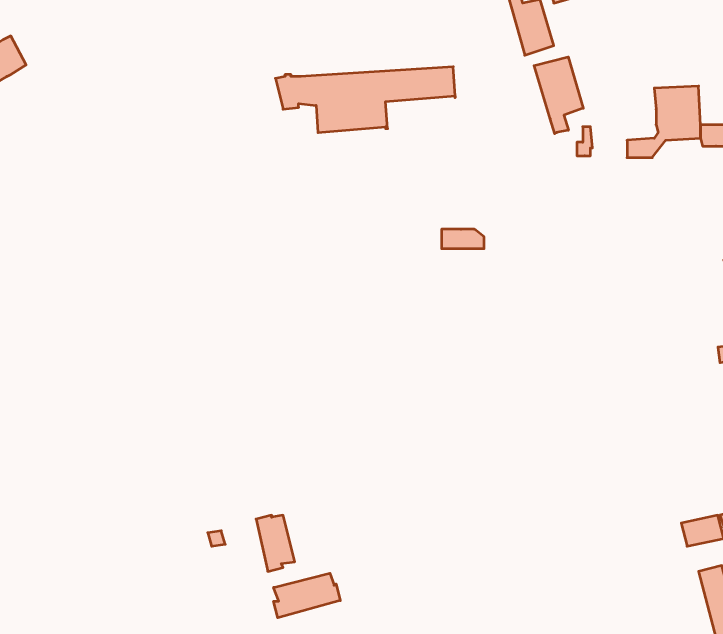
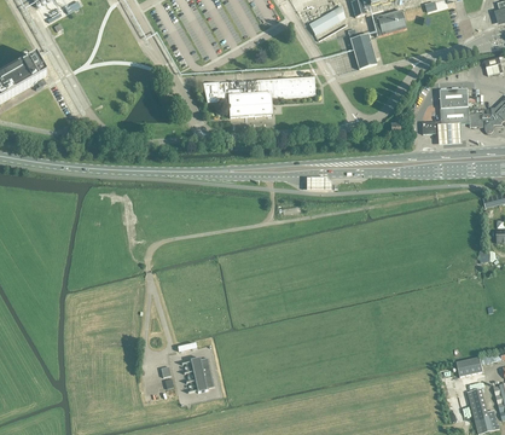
building: [534,57,583,134] -> none
building: [274,573,340,618] -> none

